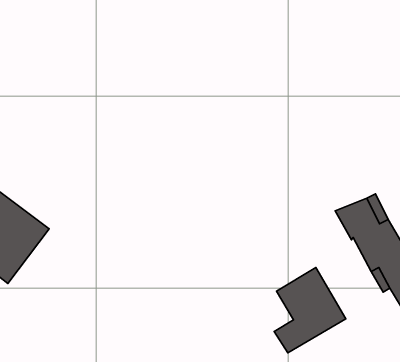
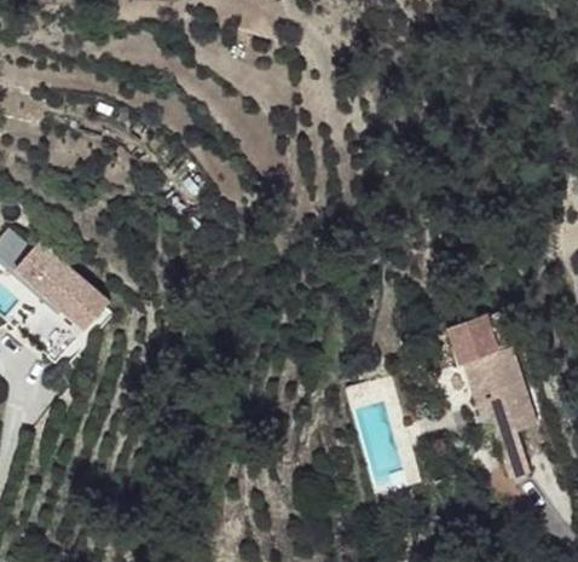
building: [274,267,346,353] -> none

